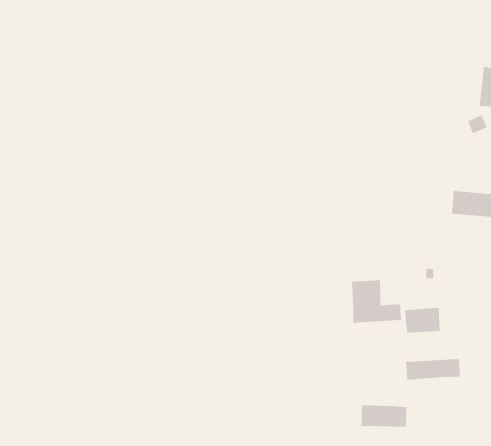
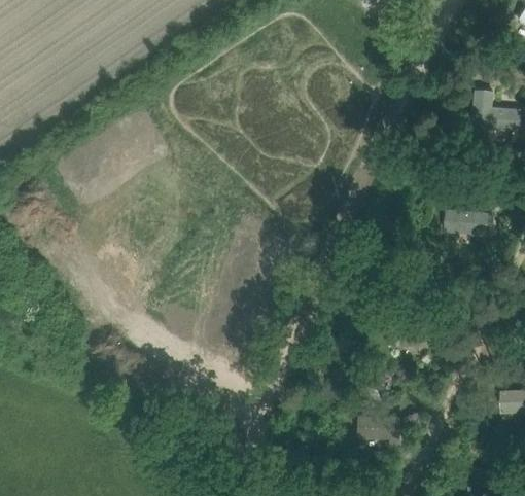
building: [351,280,402,324] -> none
building: [406,358,461,380] -> none

